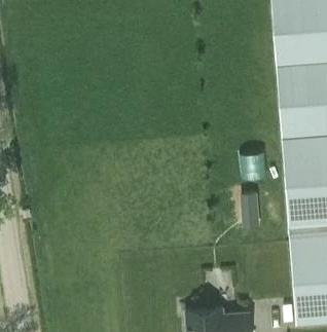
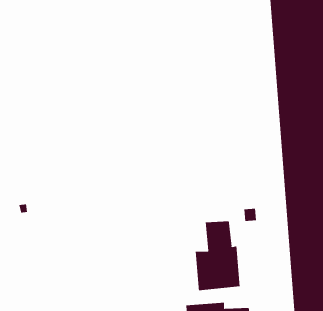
building: none -> [195,221,240,291]

